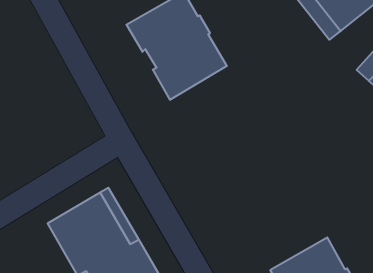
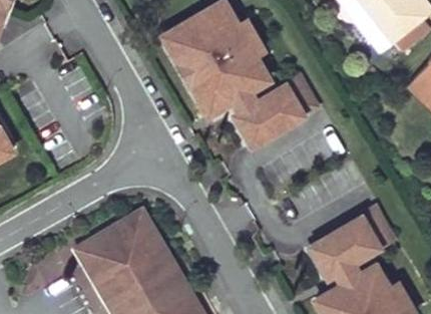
building: none -> [236,77,317,142]
building: none -> [316,209,394,276]

